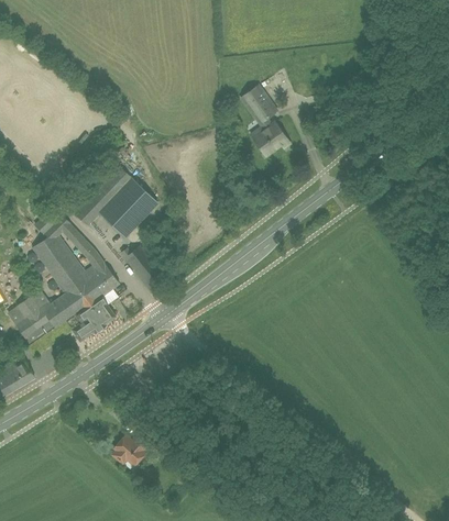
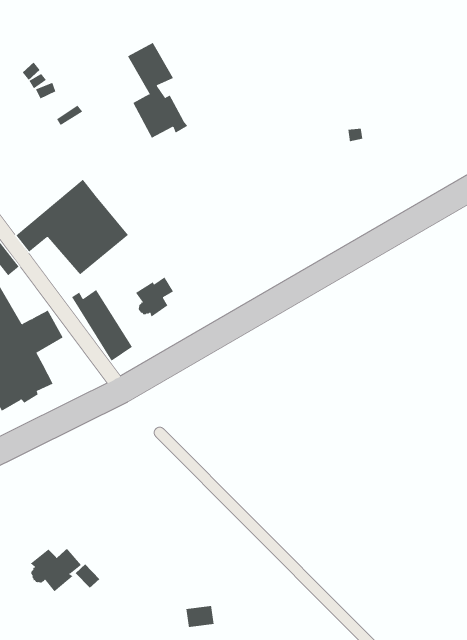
building: [240,86,289,155] -> [127,42,188,139]
building: none -> [135,276,174,317]

